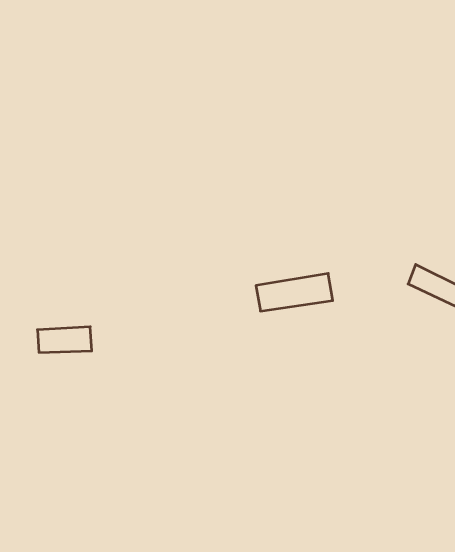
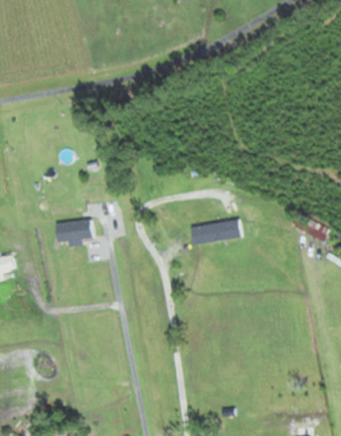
building: [37,327,92,352] -> [54,223,91,240]

